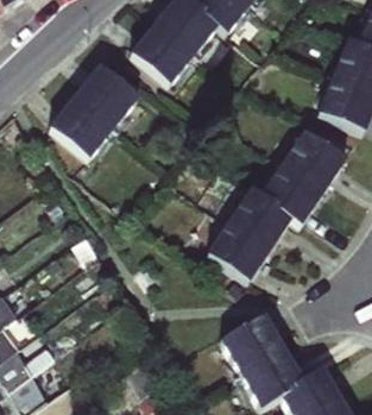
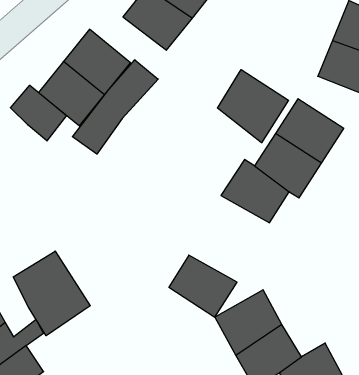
building: none -> [72,60,158,154]
building: none -> [217,70,289,143]
building: none -> [10,85,67,141]
building: [206,226,271,285] -> [169,255,237,317]
building: none -> [13,251,90,336]

